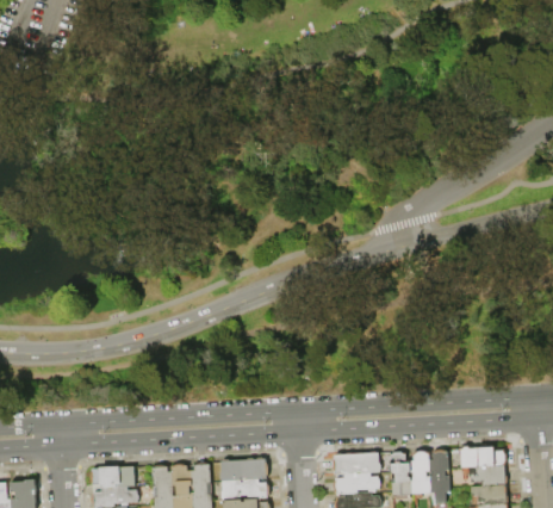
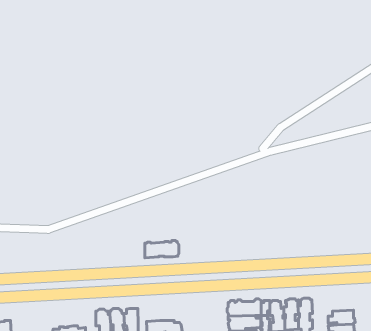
building: [459,445,505,469] -> none
building: [220,458,267,482] -> [145,240,179,258]
building: [89,466,135,489] -> none

